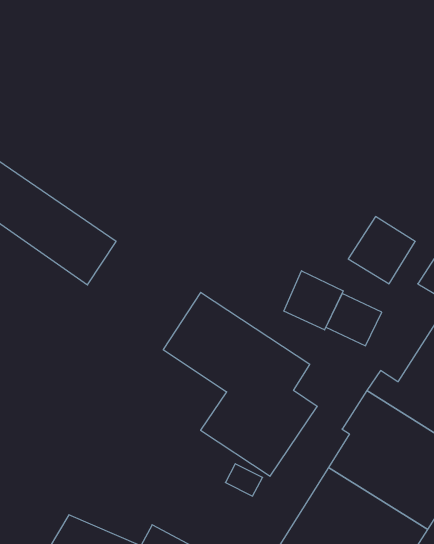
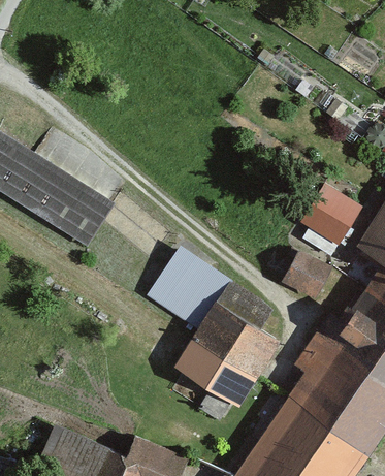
building: [284,271,343,330] -> none

